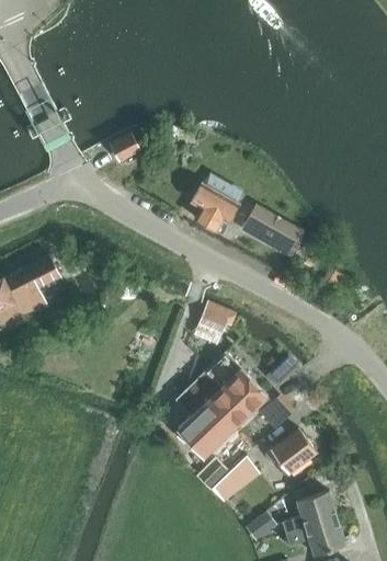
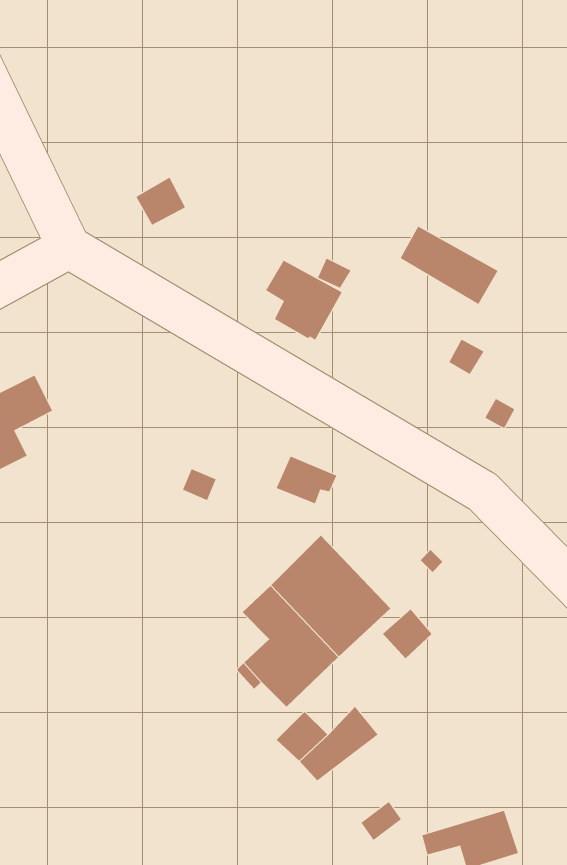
building: [244,203,305,251] -> [400,226,499,305]
building: [264,427,316,473] -> none
building: [282,492,337,535] -> none

